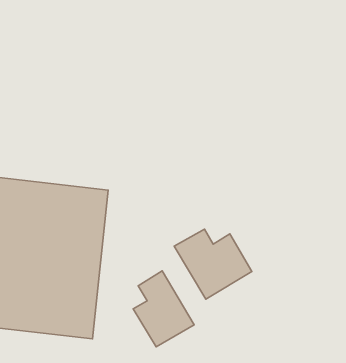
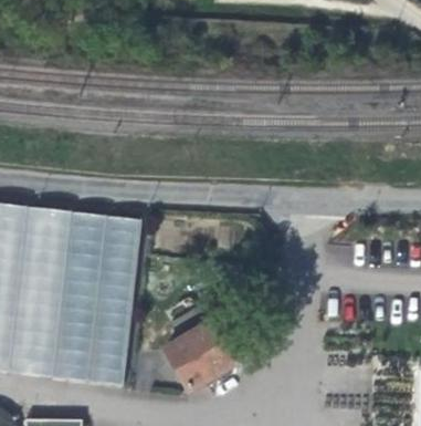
building: [174,229,252,299] -> none

